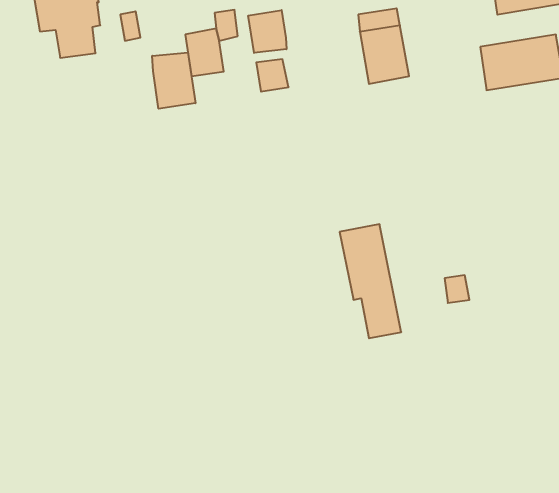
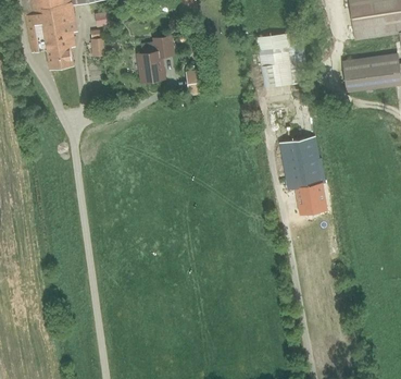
building: [248,10,286,53] -> none
building: [152,52,195,109] -> none
building: [340,224,401,338] -> [279,136,323,217]

